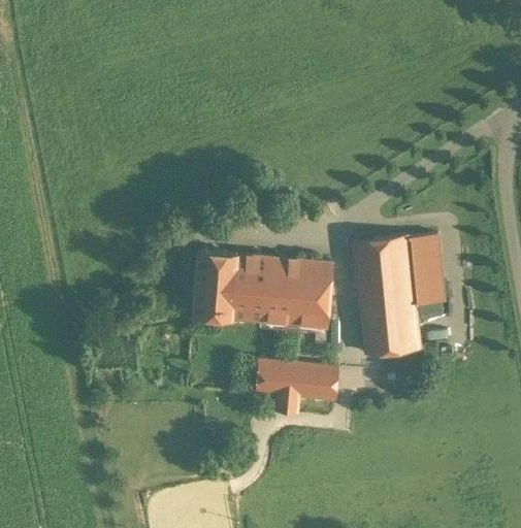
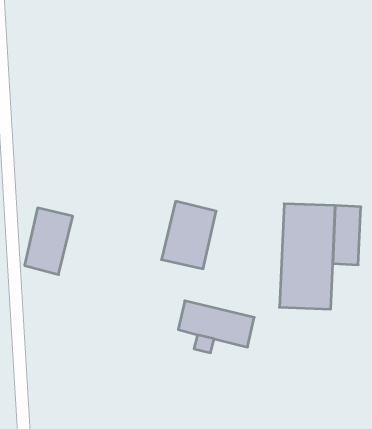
building: [192,251,237,320] -> [25,208,73,275]
building: [276,260,332,329] -> none

